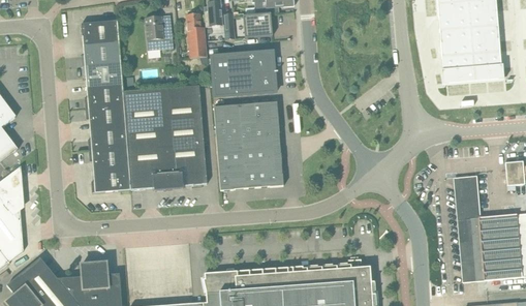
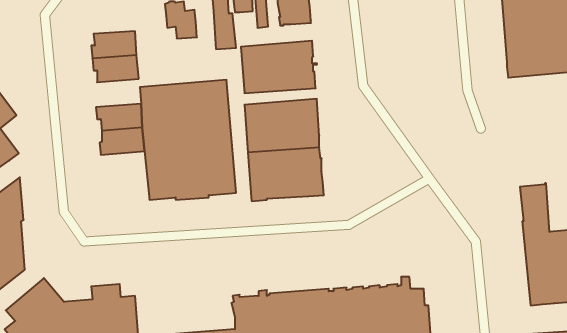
building: [81,21,119,44] -> none
building: [85,84,124,109] -> none
building: [89,147,131,193] -> none

